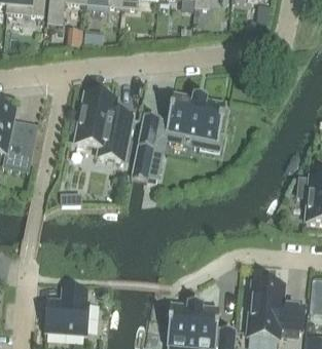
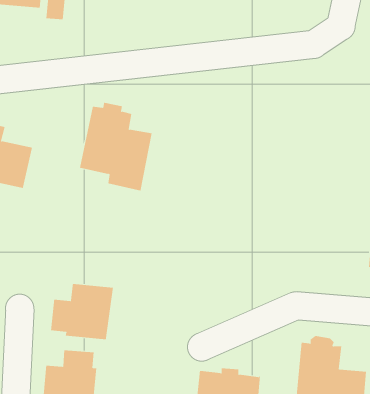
building: [131,93,225,180] -> none
building: none -> [50,283,113,340]

